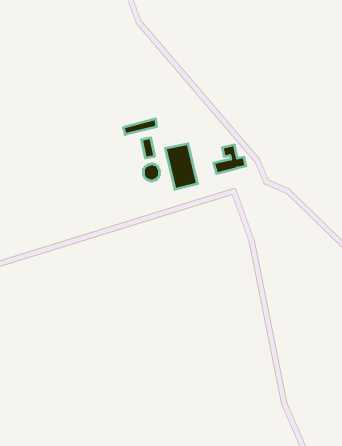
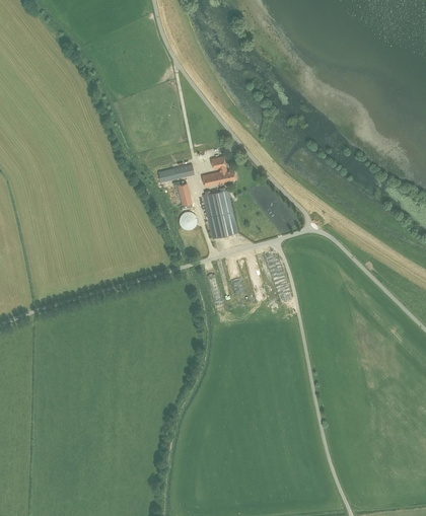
building: [214,145,246,173] -> [201,156,235,187]

